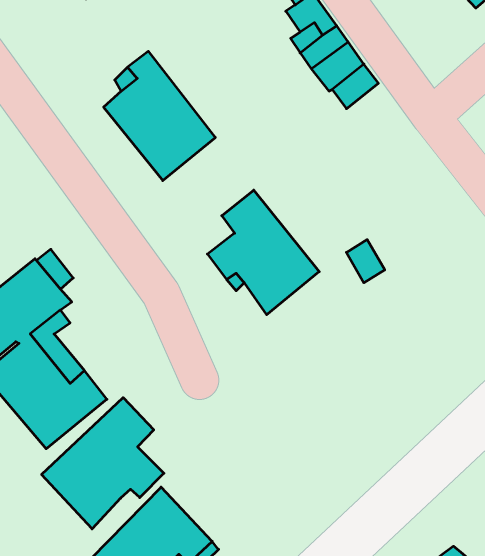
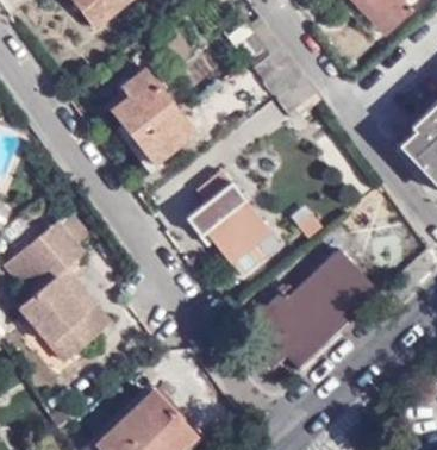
building: none -> [241,250,381,368]
building: [42,398,164,529] -> none

